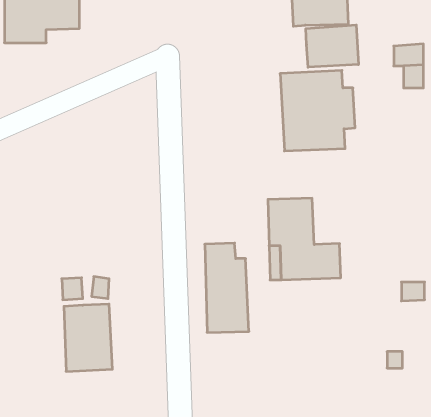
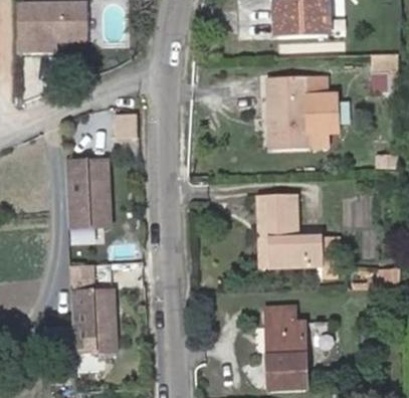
building: [306,25,358,67] -> none
building: none -> [65,159,110,227]
building: [205,243,249,332] -> [267,307,308,388]

